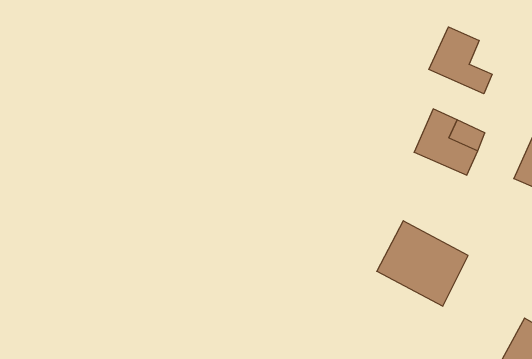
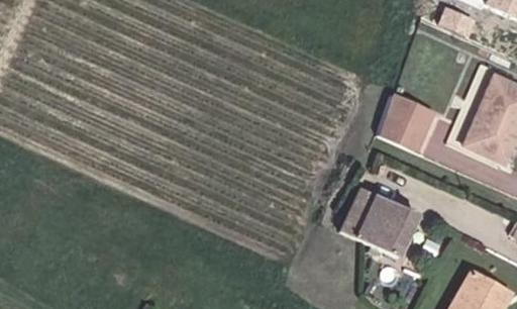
building: [429,27,492,94] -> none

